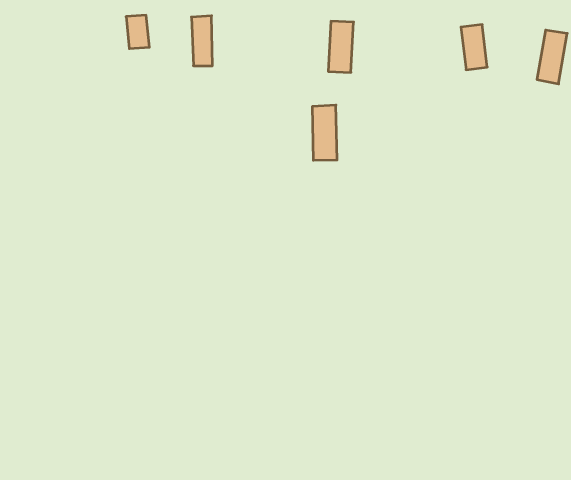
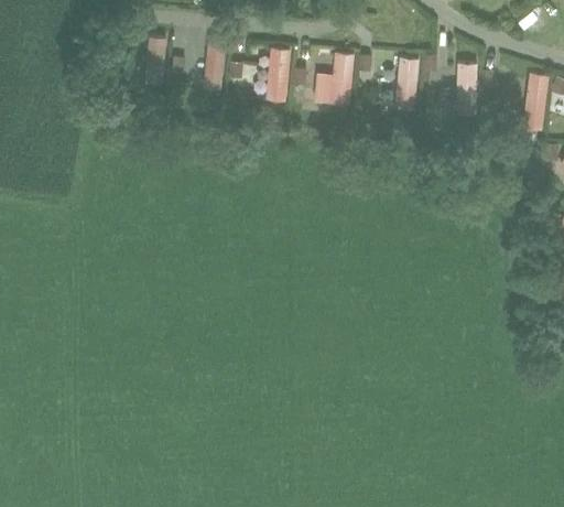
building: none -> [394,60,420,97]
building: [312,105,337,160] -> [264,50,289,100]

